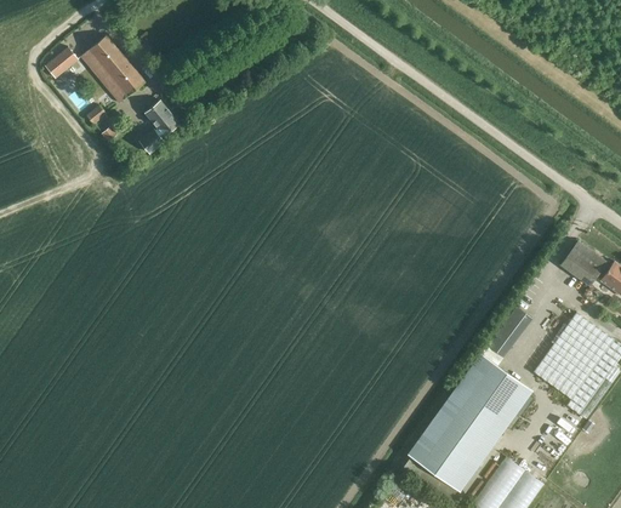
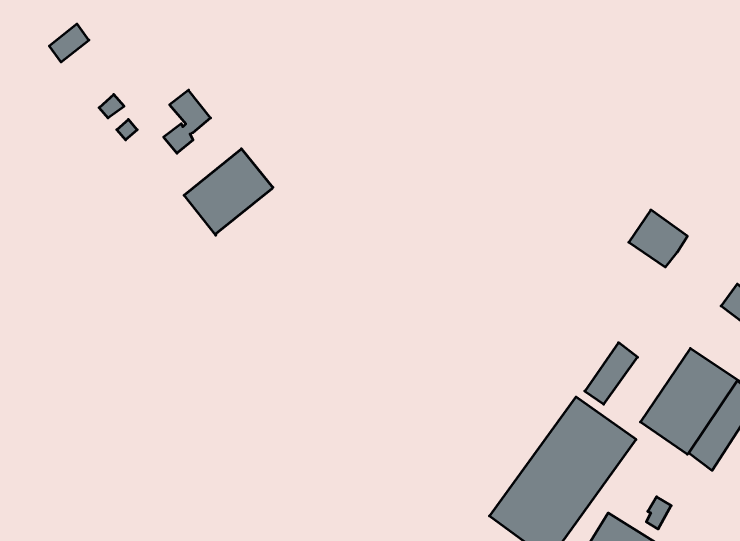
building: [80,35,143,103] -> none
building: none -> [184,149,273,235]
building: [558,240,606,287] -> [629,210,687,267]

